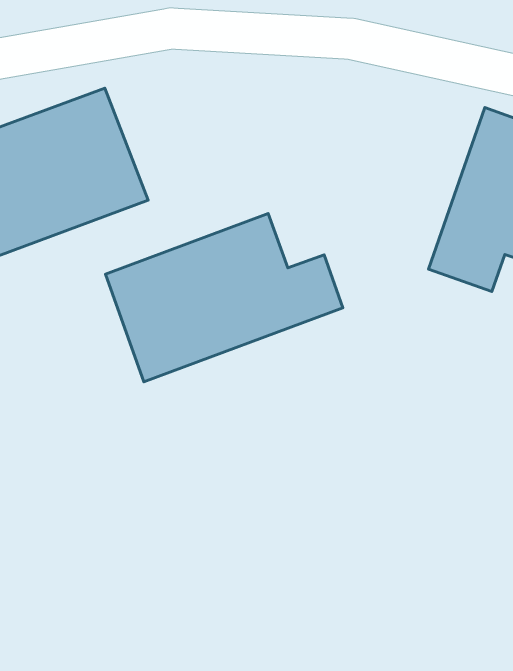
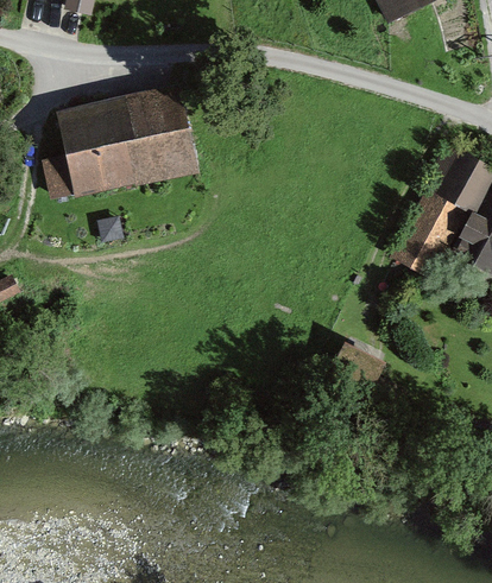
building: [105,213,343,382] -> none

